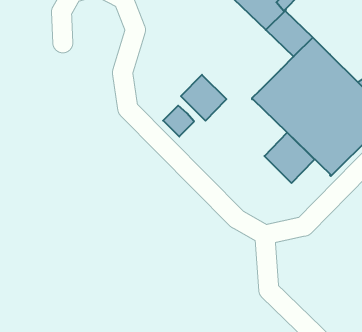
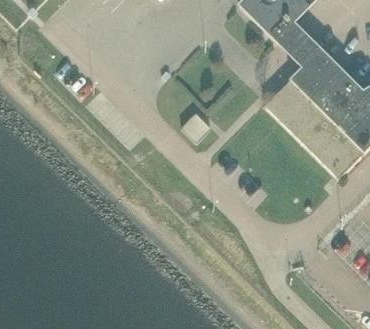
building: [181,75,226,121] -> none
building: [264,133,314,183] -> none

